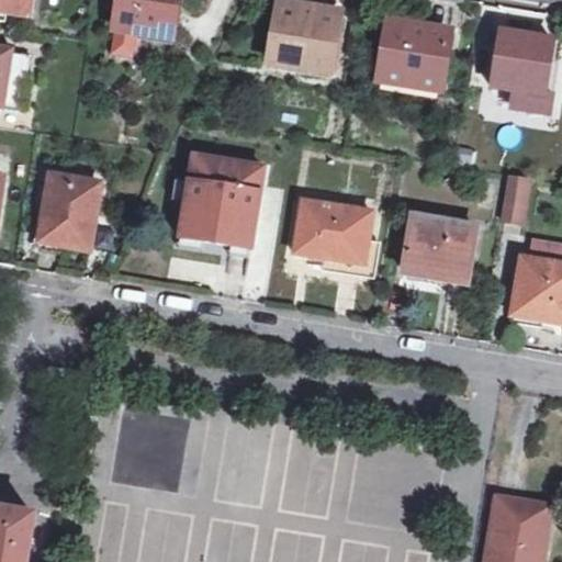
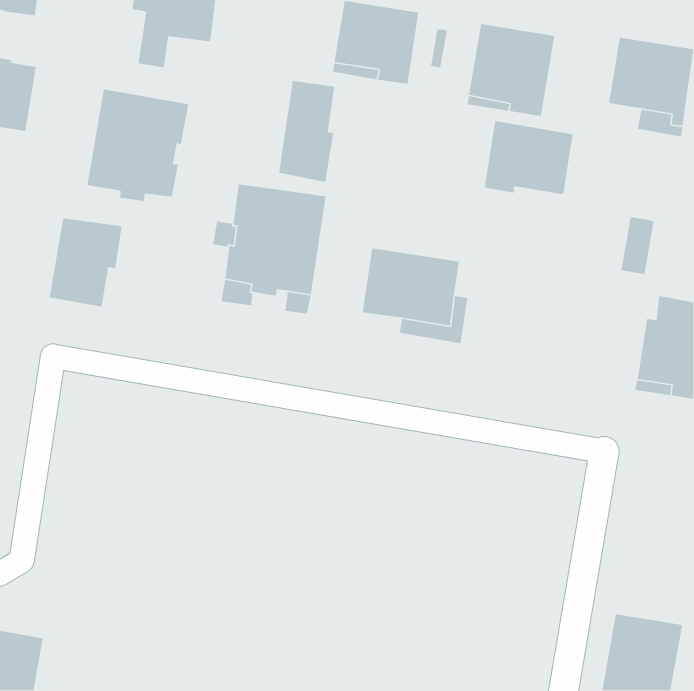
building: none -> [278,80,335,183]
building: none -> [87,88,189,202]
building: [403,215,475,276] -> [484,120,573,195]

